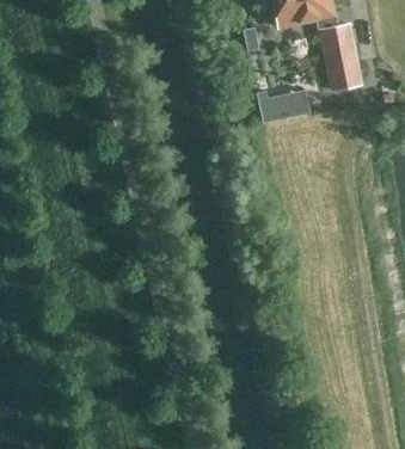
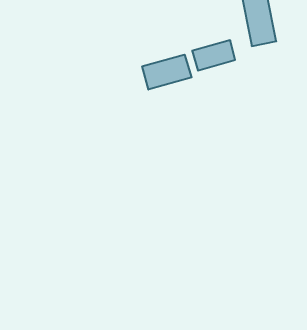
building: none -> [142,55,192,90]

